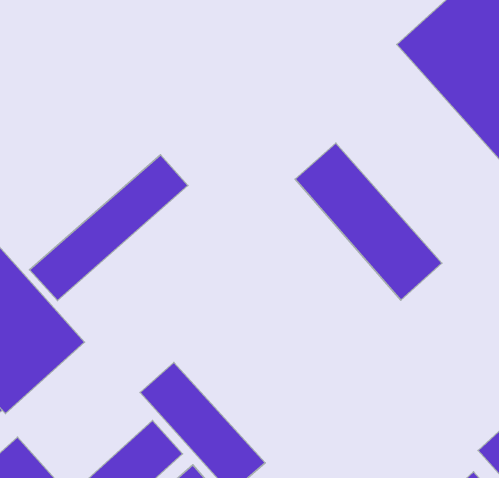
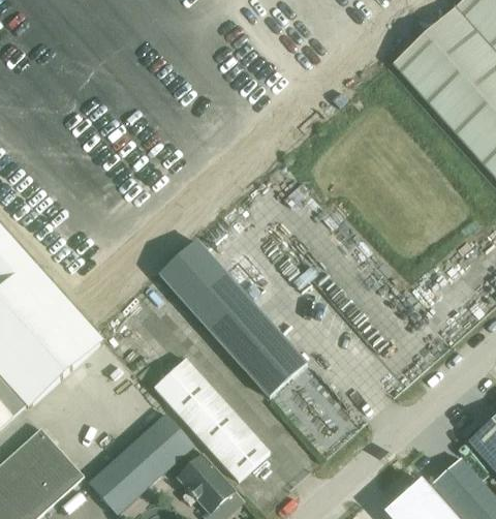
building: [295,143,442,300] -> none
building: [29,155,188,300] -> none
building: none -> [160,240,307,397]

